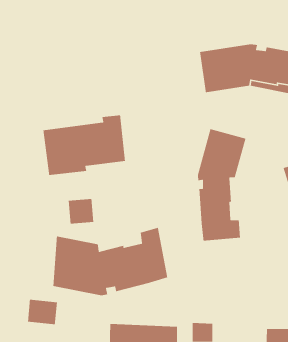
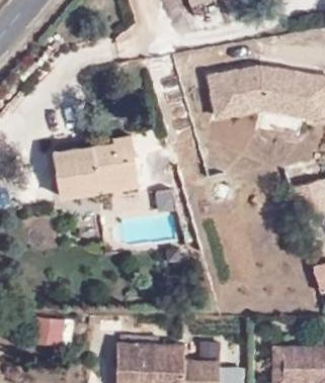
building: [197,128,247,241] -> none
building: [53,227,168,296] -> none

